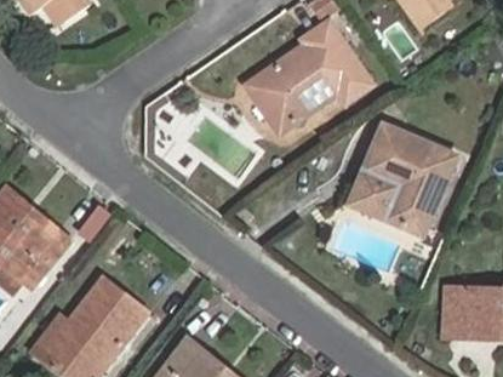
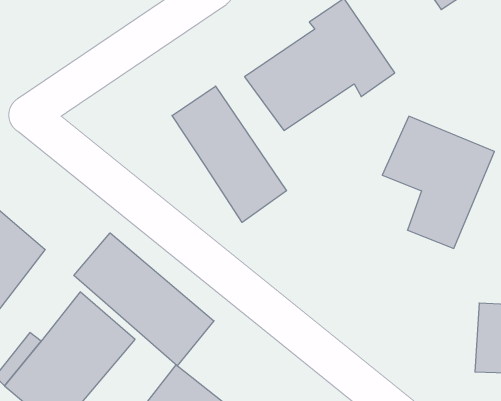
building: none -> [172,86,287,222]
building: [349,173,396,221] -> none
building: none -> [74,233,214,366]

